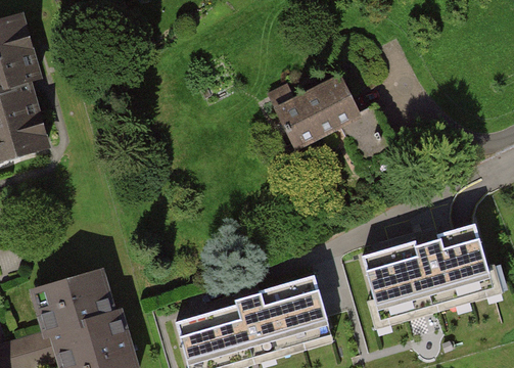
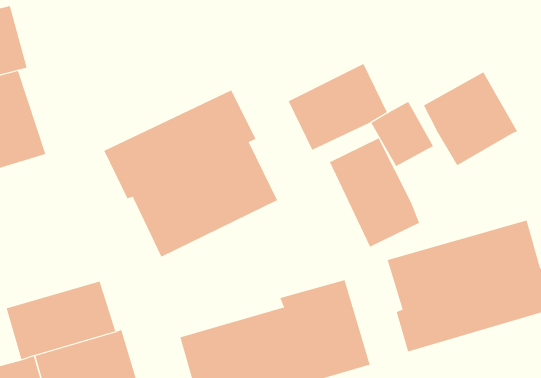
building: none -> [423,71,518,166]
building: none -> [104,89,278,258]
building: none -> [329,137,420,247]

